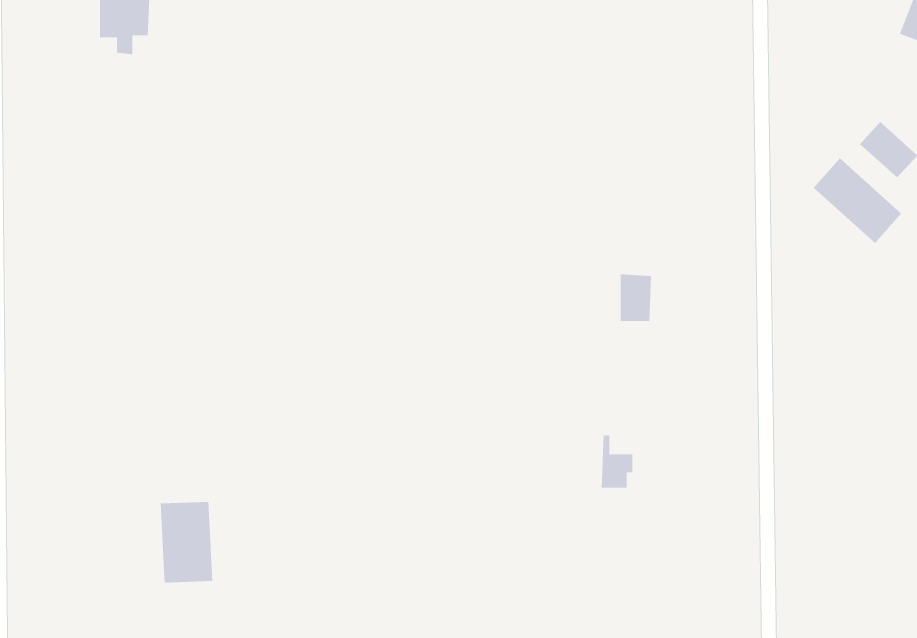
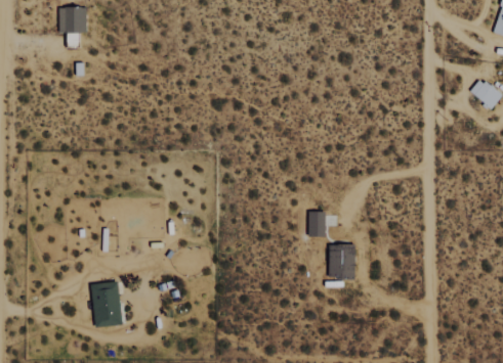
building: [813,157,902,244] -> none
building: [620,274,652,321] -> [309,211,327,236]

